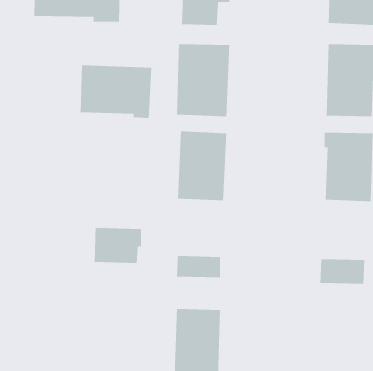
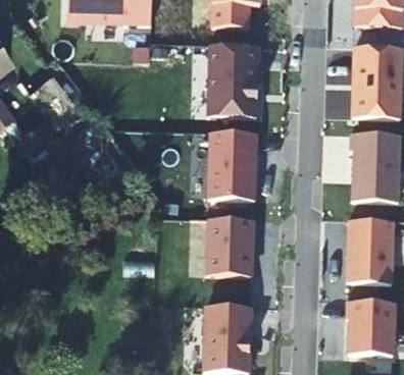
building: [80,64,152,119] -> none
building: none -> [348,217,393,256]
building: [94,227,142,264] -> [207,217,254,253]
building: none -> [347,300,394,354]

